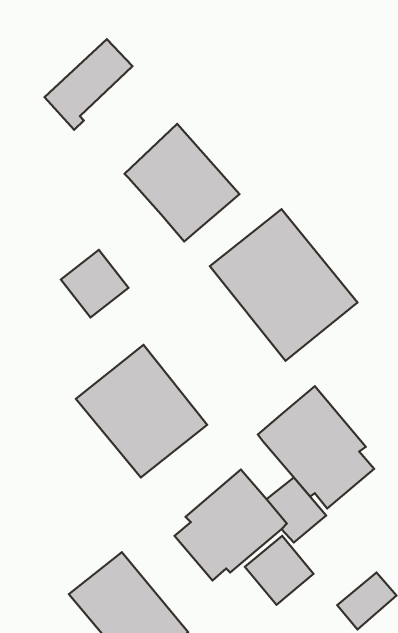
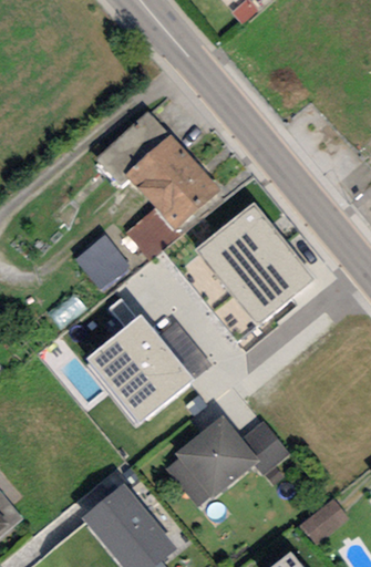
building: [44,39,132,130] -> [96,111,168,185]
building: none -> [124,207,179,262]
building: [258,386,374,509] -> none
building: [245,536,314,605] -> none

